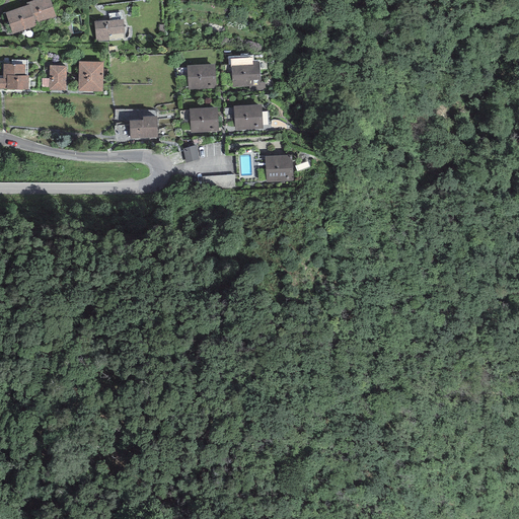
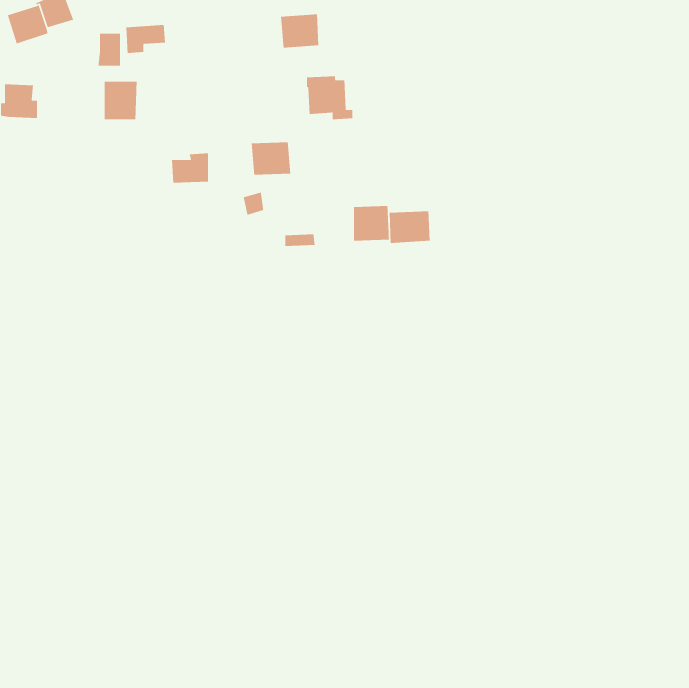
building: [187,63,216,89] -> [280,13,319,48]
building: [49,64,66,89] -> [98,33,121,66]
building: [233,103,263,129] -> none
building: none -> [389,211,430,244]

